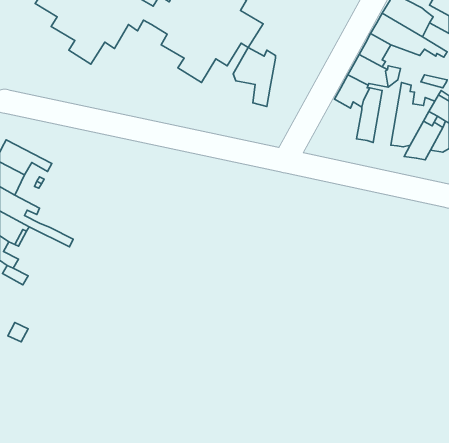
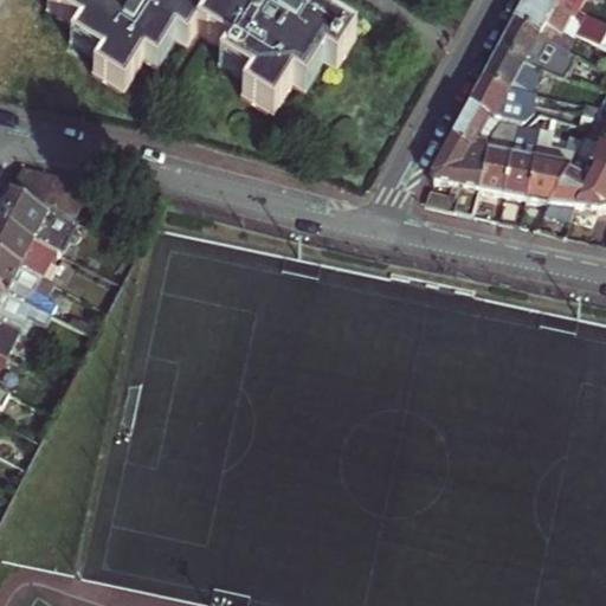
building: [233,47,276,106] -> [430,134,486,213]
building: none -> [502,111,540,195]
building: none -> [8,163,91,220]

